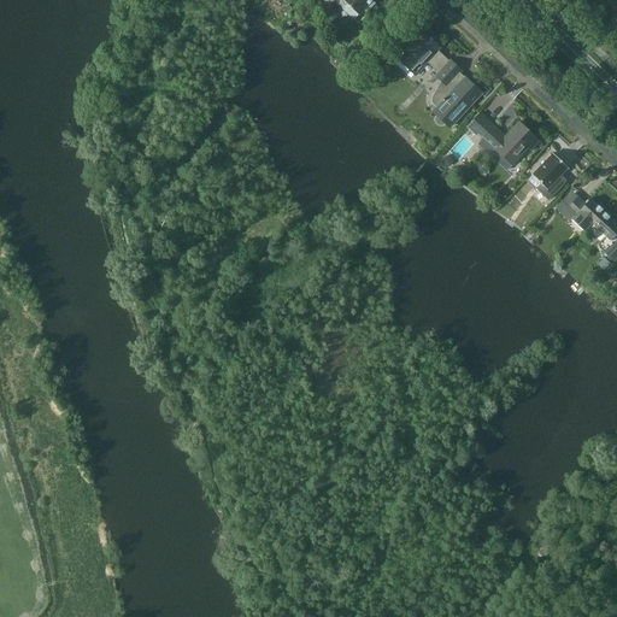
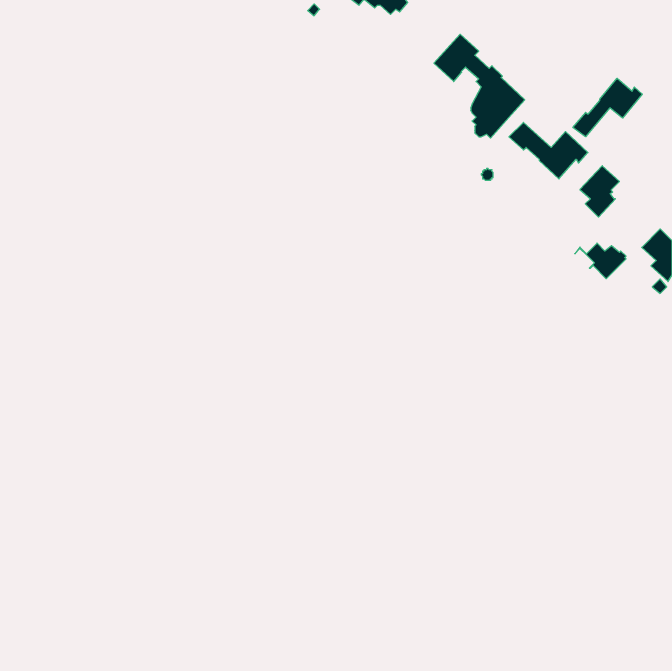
building: none -> [573,78,642,137]
building: [558,195,605,228] -> [575,243,626,279]

